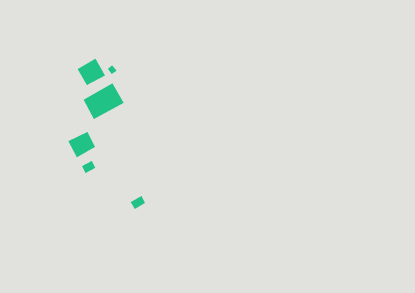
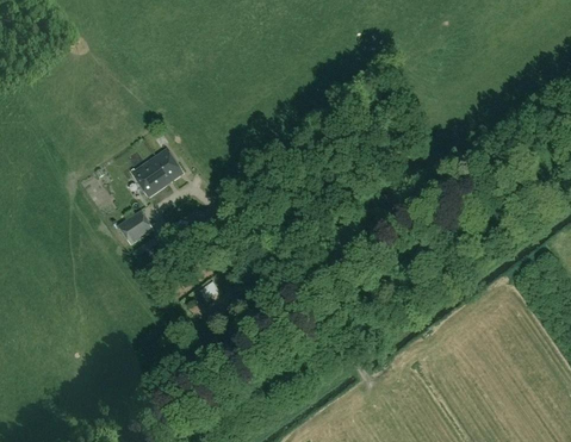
building: [77,57,106,86] -> none

